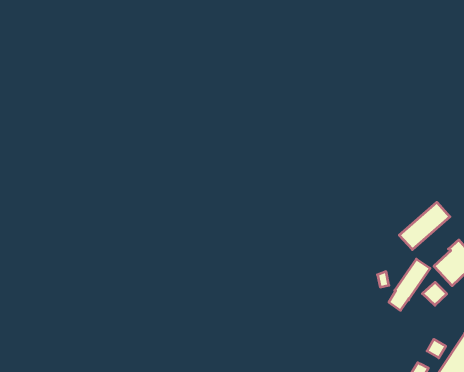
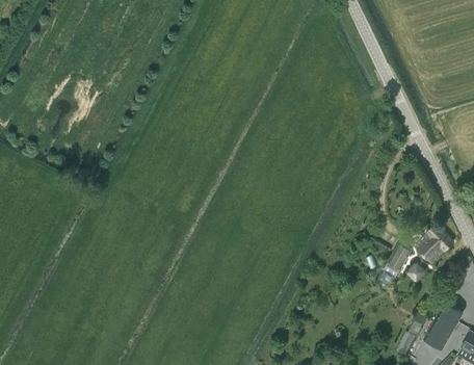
building: [399,202,450,250] -> none

